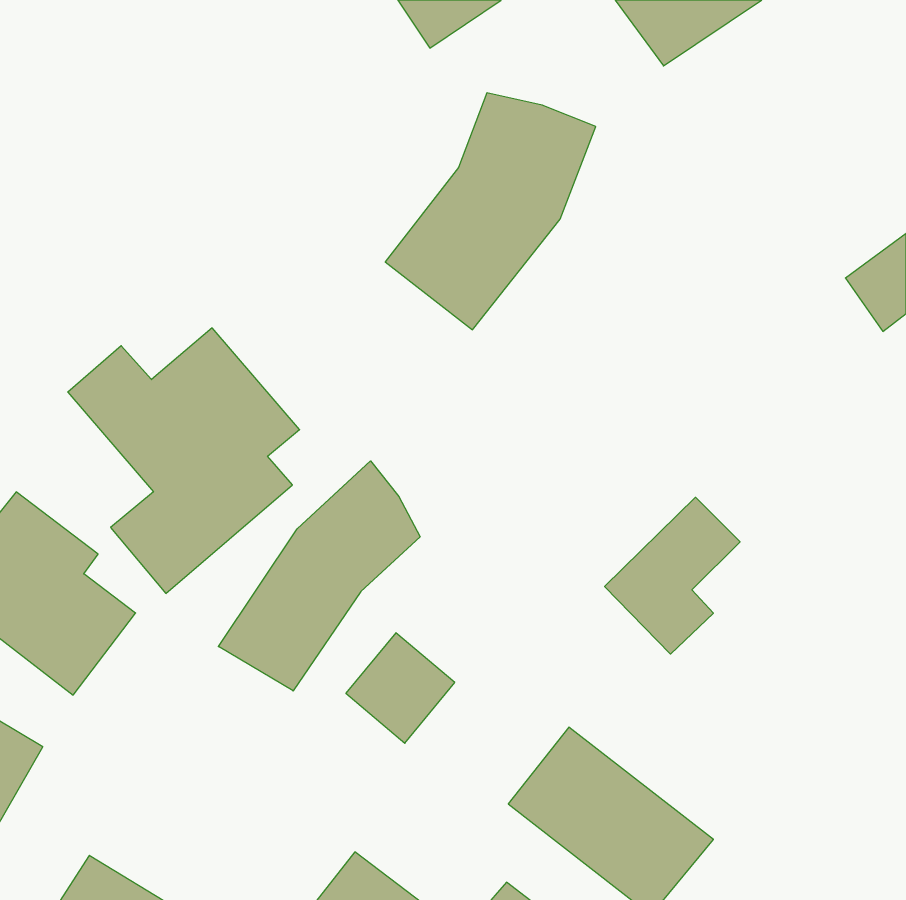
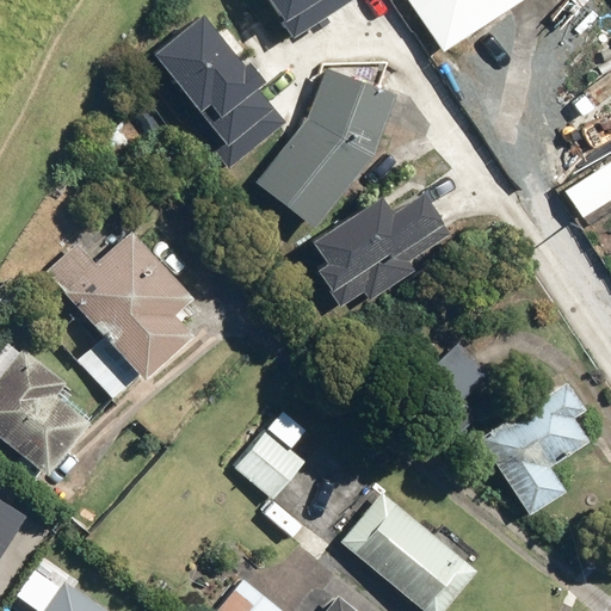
building: none -> [156,13,286,169]
building: none -> [313,187,442,308]
building: [218,461,420,691] -> none
building: none -> [479,382,590,516]

